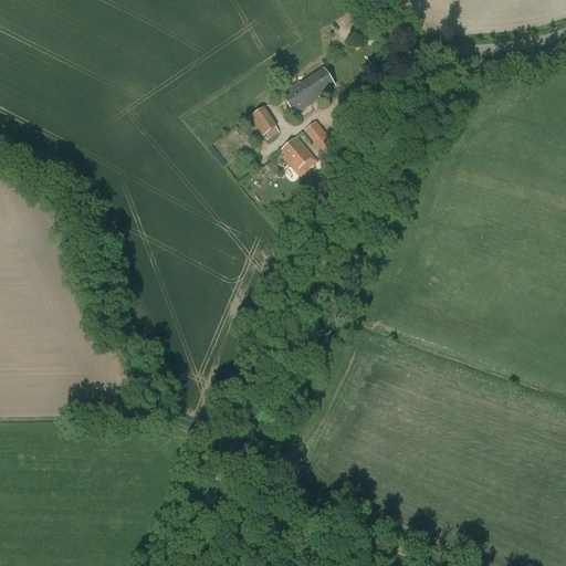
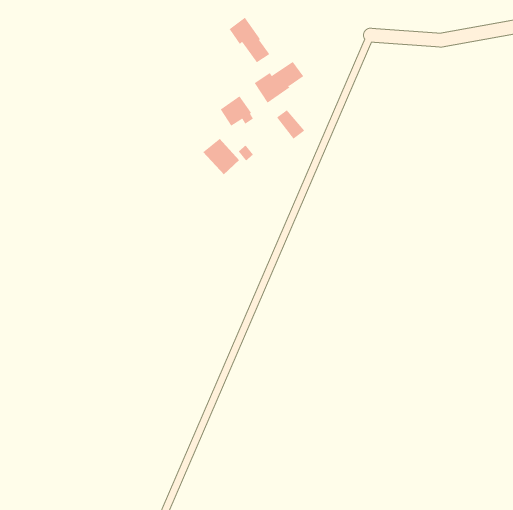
building: none -> [229,17,270,63]
building: [277,135,318,176] -> [203,138,240,175]

